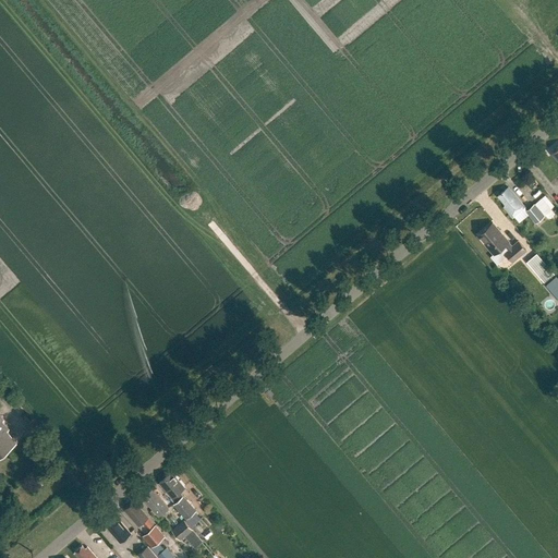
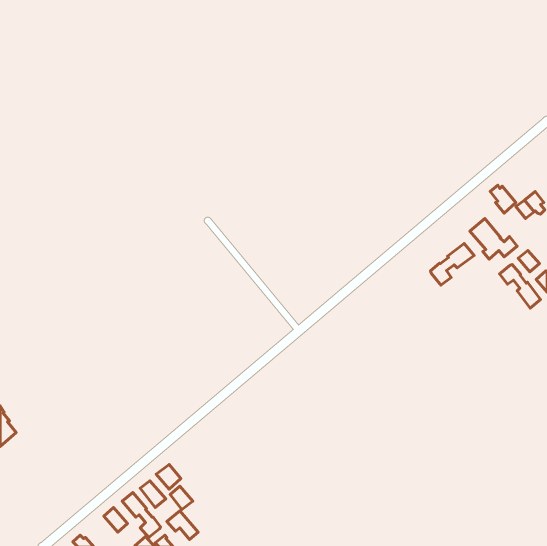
building: none -> [430,244,474,285]
building: none -> [500,265,541,308]

